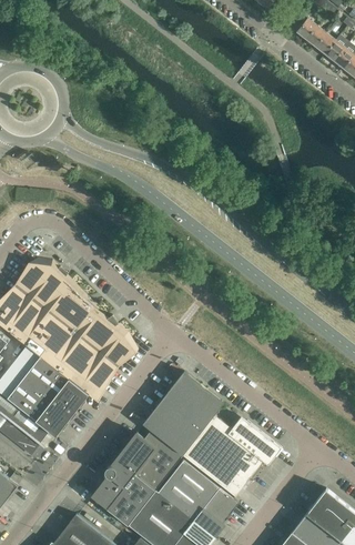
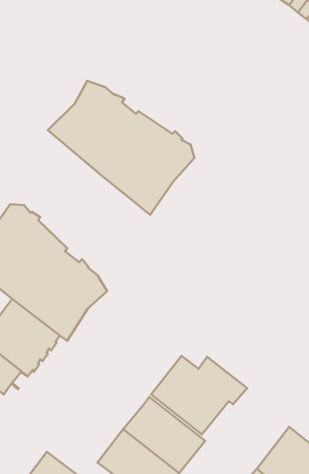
building: none -> [48,81,195,215]
building: [142,372,223,455] -> none
building: [91,433,175,525] -> none

